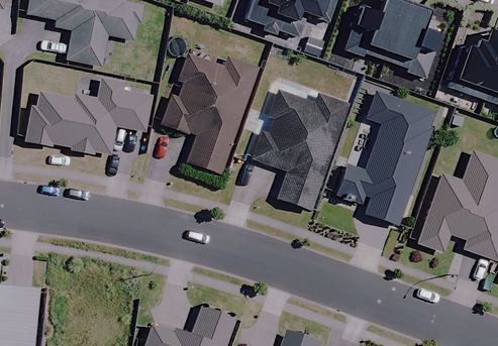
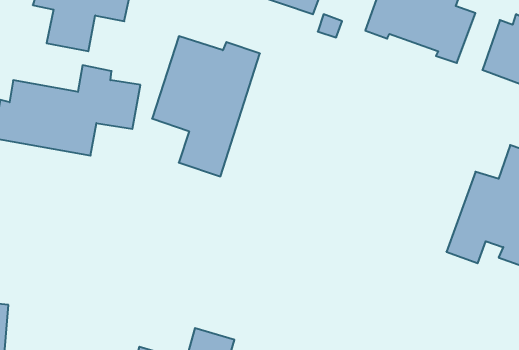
building: [250,82,351,209] -> none
building: [340,90,436,223] -> none

